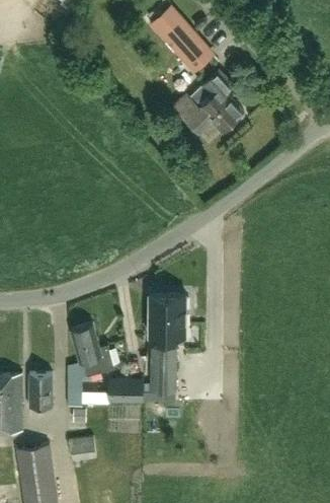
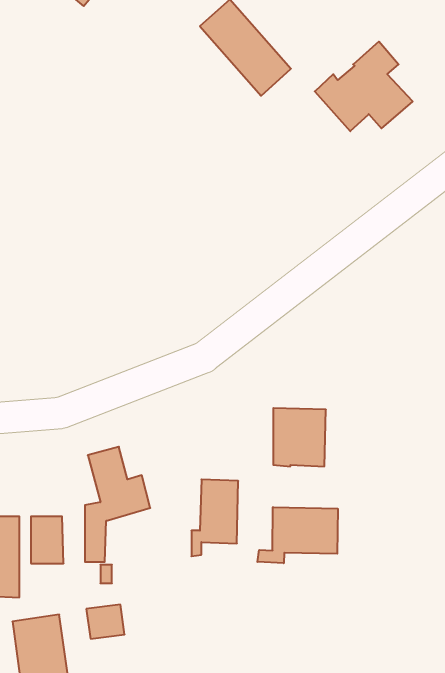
building: [174,70,244,134] -> [315,42,413,131]
building: [149,295,186,337] -> [273,408,326,466]
building: none -> [257,507,338,563]
building: [109,379,144,403] -> none

